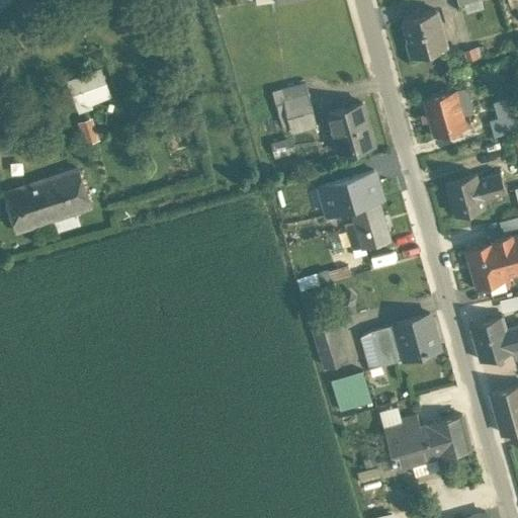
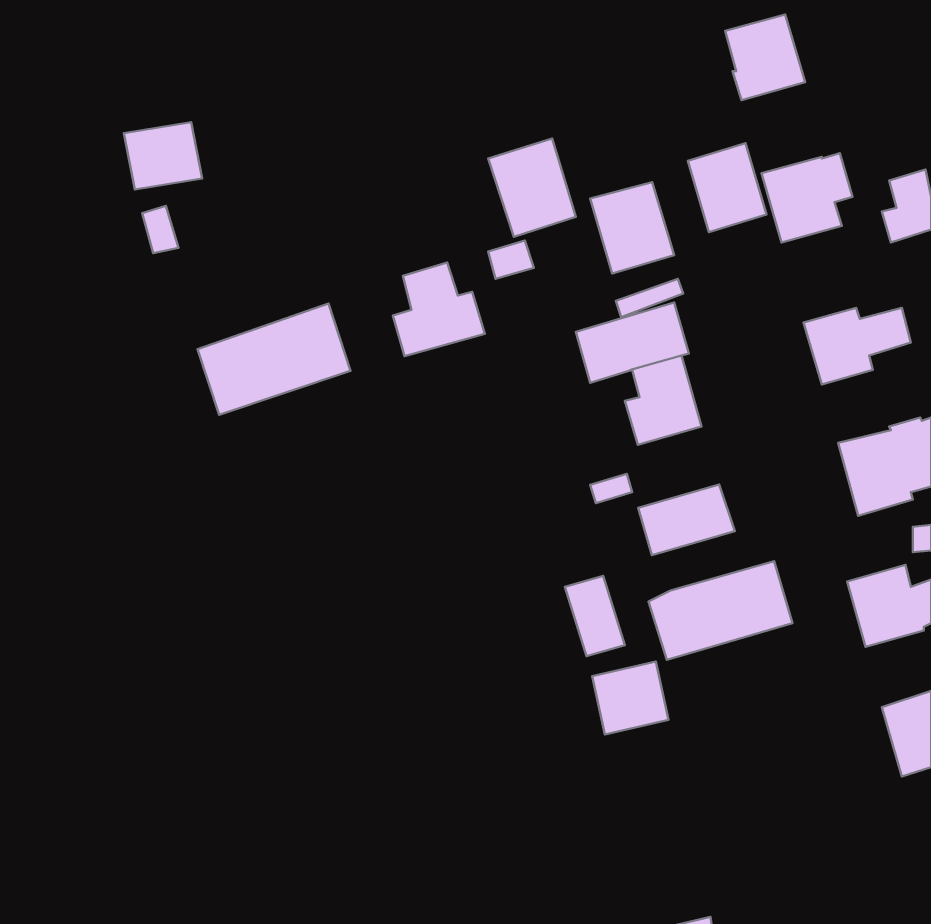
building: none -> [688,143,767,232]
building: none -> [393,263,485,356]
building: [5,171,90,233] -> [197,304,350,415]
building: none -> [638,485,735,555]
building: [384,416,471,471] -> none

